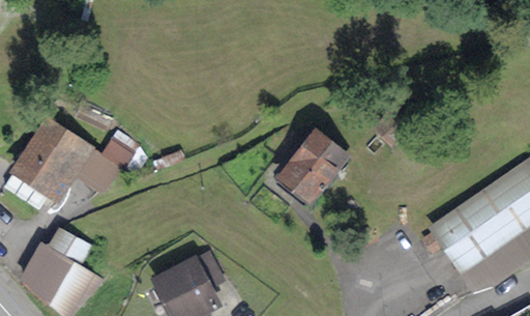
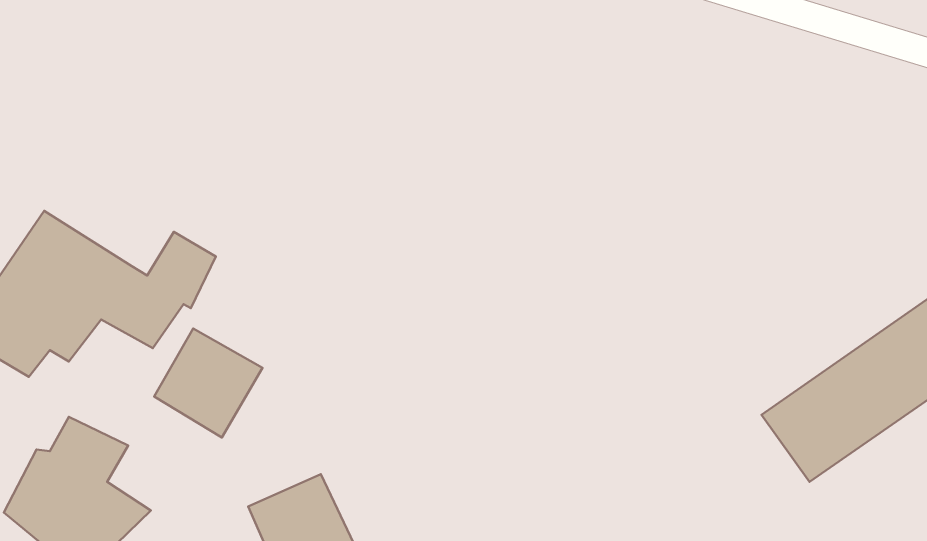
building: [277,128,349,201] -> none
building: none -> [154,329,263,437]

